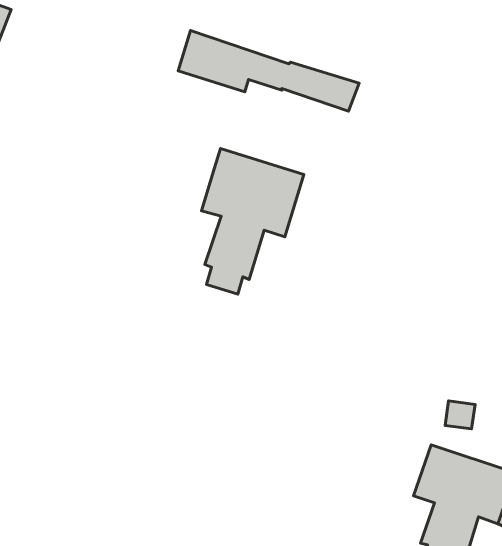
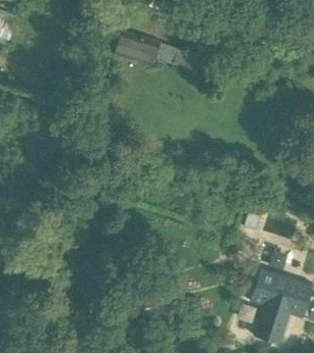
building: [202,149,304,294] -> none

